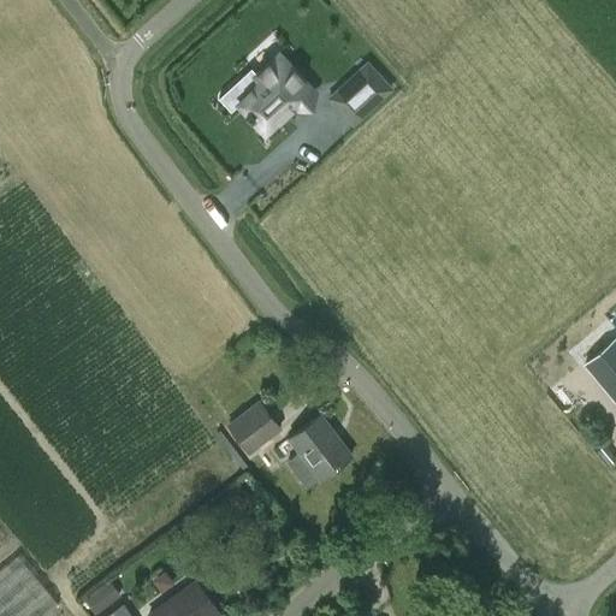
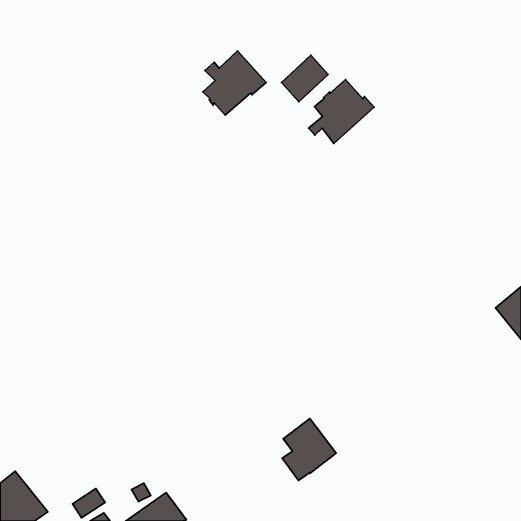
building: none -> [309,80,374,143]
building: [226,401,282,455] -> none
building: [288,415,351,488] -> [282,418,336,481]

